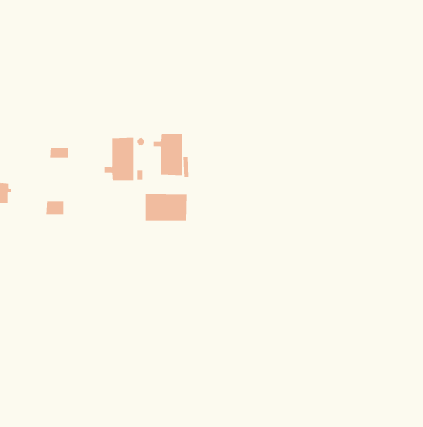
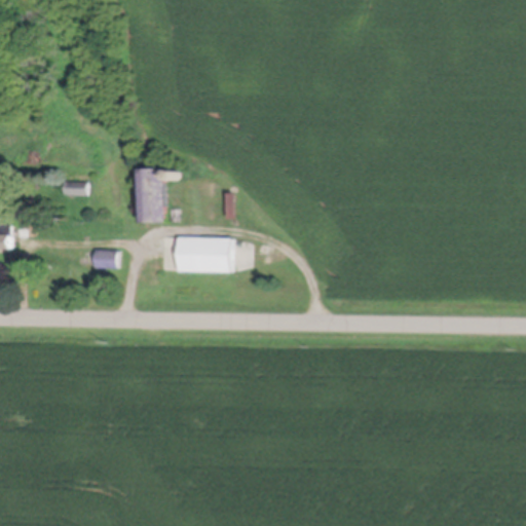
building: [153,133,182,176] -> none
building: [46,201,64,215] -> [92,250,115,267]

